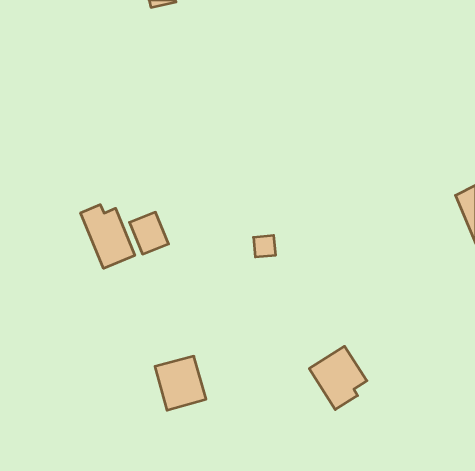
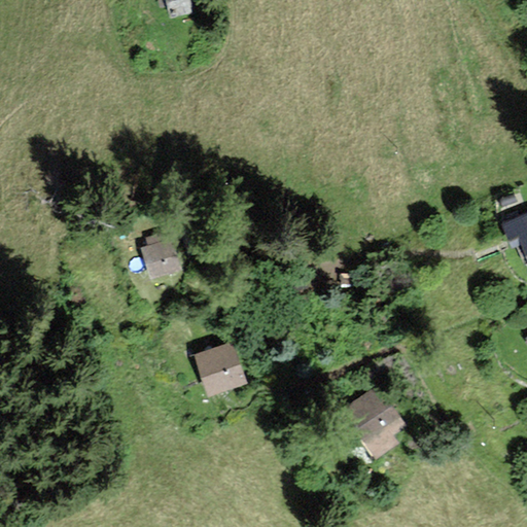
building: [81,205,135,268] -> none
building: [155,356,206,410] -> [189,336,246,395]

